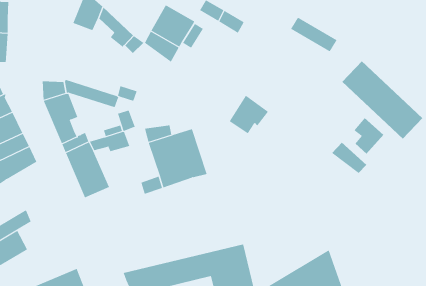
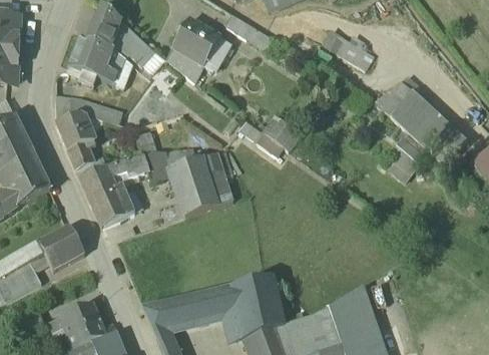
building: none -> [69,35,115,84]
building: [331,142,367,174] -> none
building: none -> [39,224,84,268]

